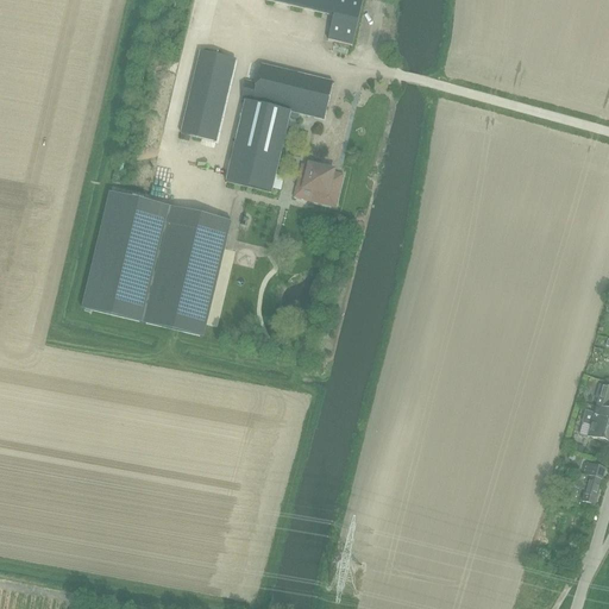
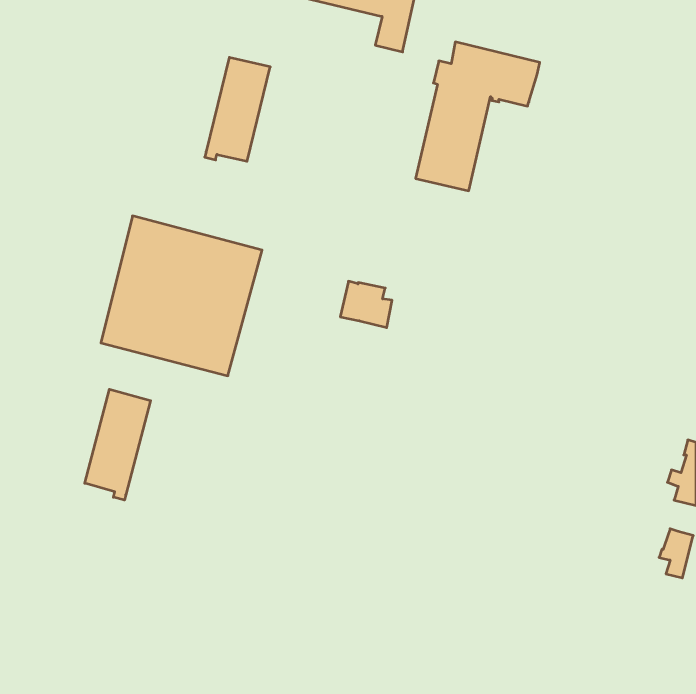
building: [225,62,333,192] -> [416,42,540,191]
building: [294,163,339,203] -> [340,281,392,328]
building: none -> [85,389,151,500]

